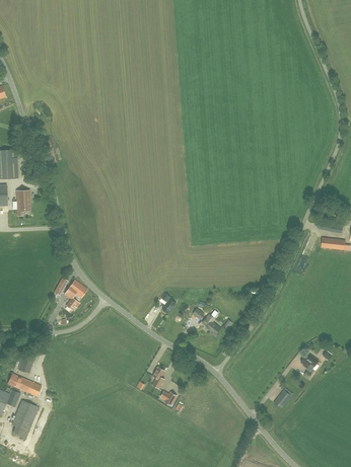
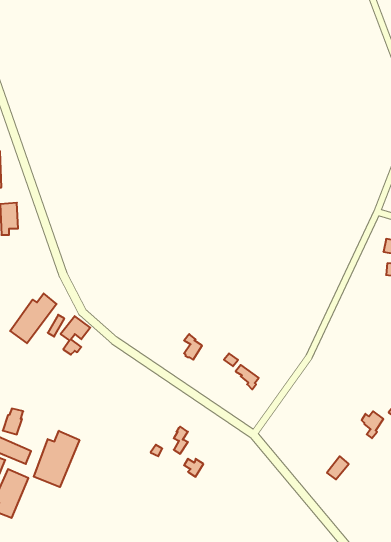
building: none -> [10,293,57,343]
building: none -> [34,431,79,487]

